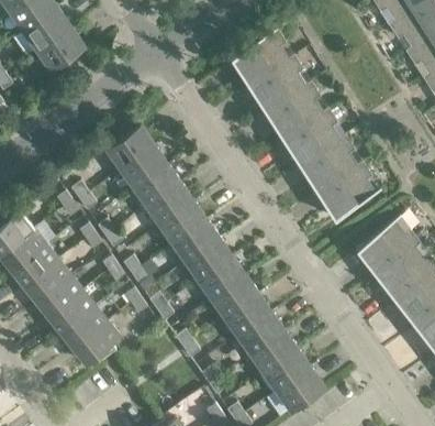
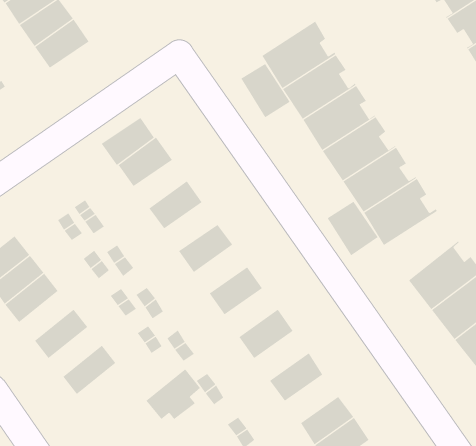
building: none -> [241,63,290,118]
building: [121,148,167,189] -> [101,117,155,166]
building: none -> [327,201,378,256]
building: [147,184,193,226] -> none
building: [172,220,219,262] -> none
building: [199,258,245,299] -> none
building: [23,260,70,303] -> none
building: [48,291,94,334] -> none
building: [224,294,271,337] -> none
building: [72,321,120,365] -> [146,369,201,420]
building: [250,331,297,373] -> none

